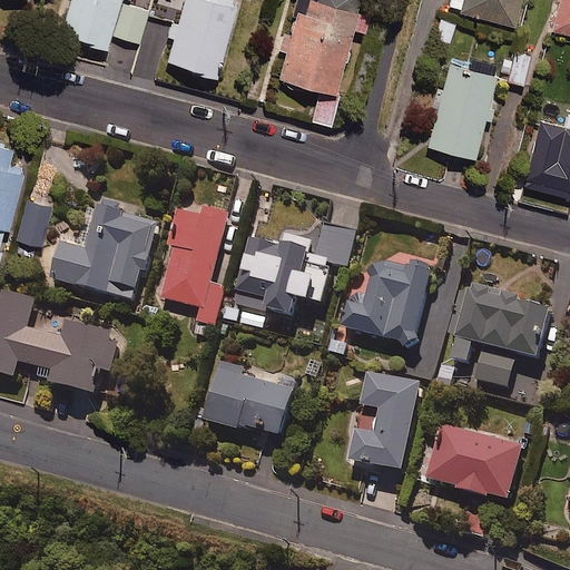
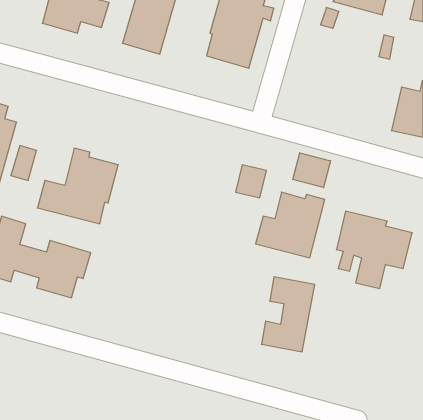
building: [424,48,497,155] -> none
building: [157,204,228,324] -> none
building: none -> [293,153,331,188]
building: [222,239,308,326] -> none
building: [204,358,297,439] -> none
building: [425,424,523,502] -> none

